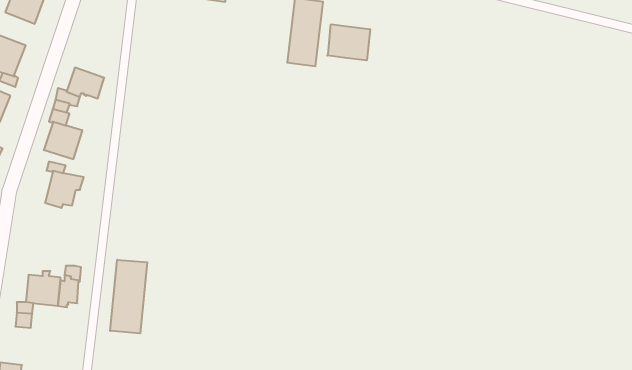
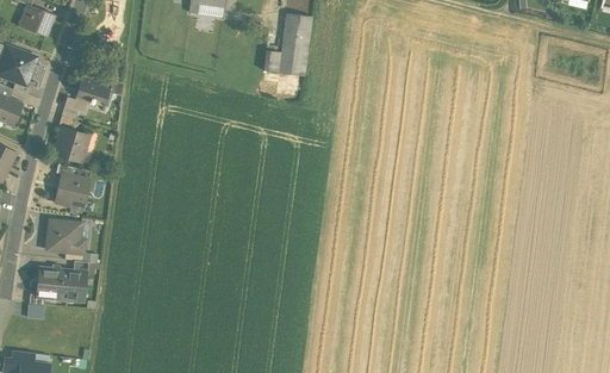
building: [327,24,370,60] -> none
building: none -> [46,219,85,253]
building: [110,260,147,333] -> none

